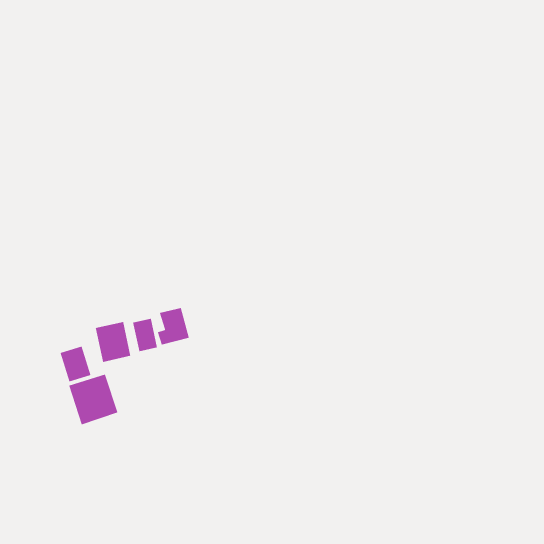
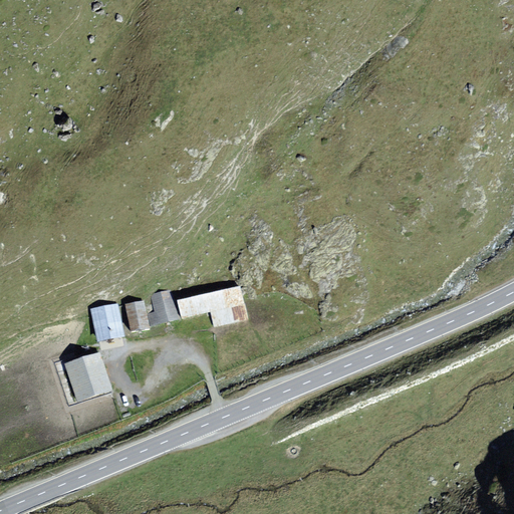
building: none -> [177,285,246,326]
building: [59,345,92,382] -> none

